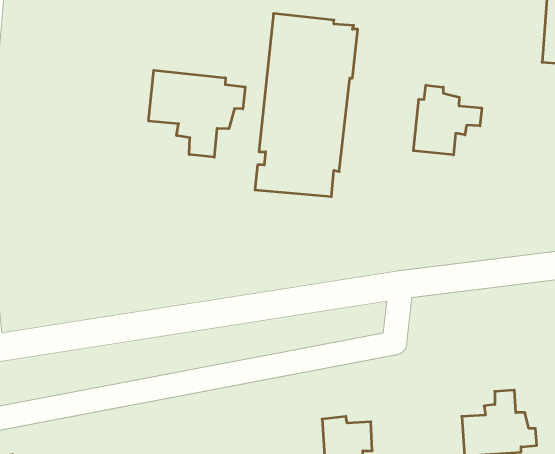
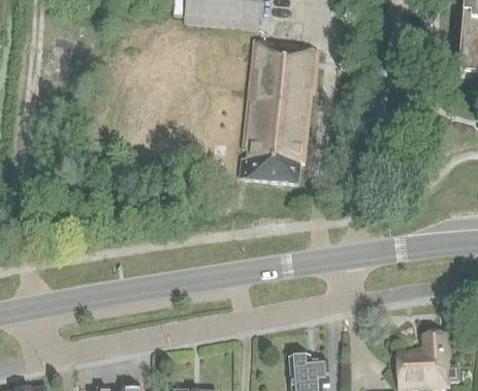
building: [149,70,245,157] -> none
building: [413,85,482,155] -> none

